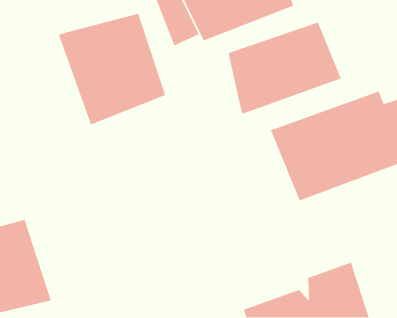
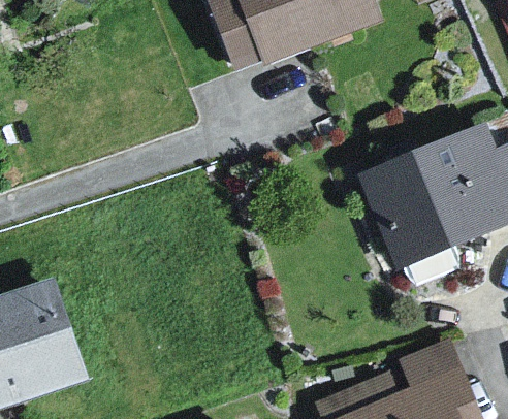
building: [58,13,166,125] -> none
building: [228,22,342,115] -> none

